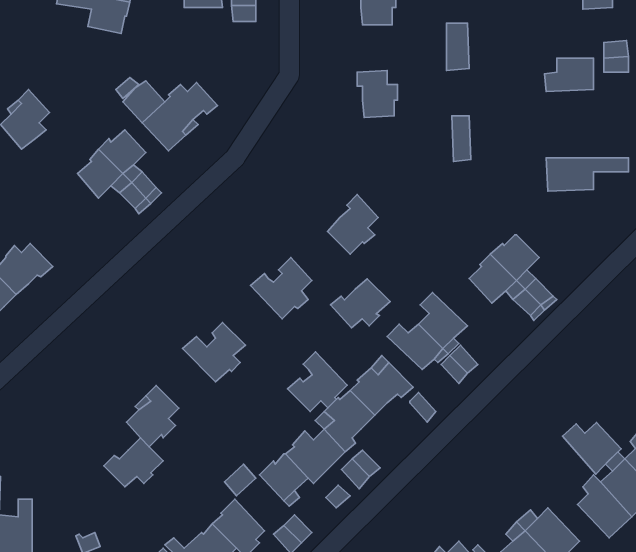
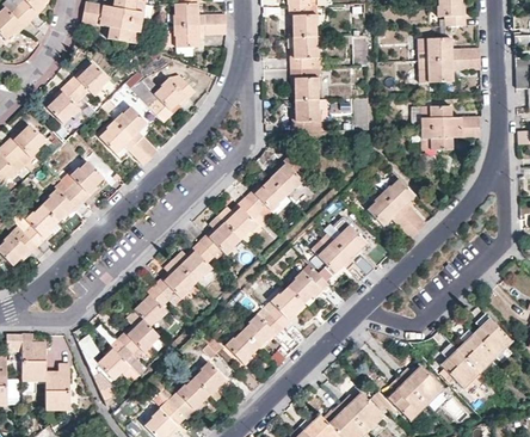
building: none -> [173,25,199,48]
building: none -> [291,37,318,69]
building: none -> [419,37,452,61]
building: none -> [67,62,107,97]
building: none -> [292,99,322,131]
building: none -> [420,105,476,128]
building: none -> [68,161,104,202]
building: [331,279,390,328] -> [246,178,286,211]
building: none -> [154,258,195,298]
building: [288,352,347,411] -> [199,215,240,256]
building: [562,422,621,474] -> none
building: none -> [98,338,132,377]

